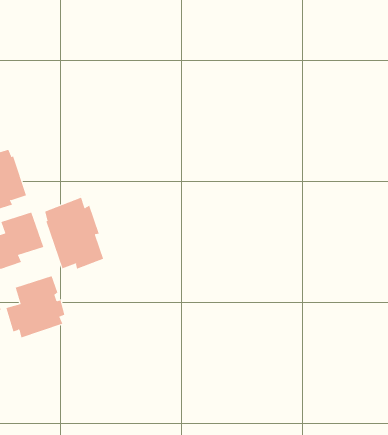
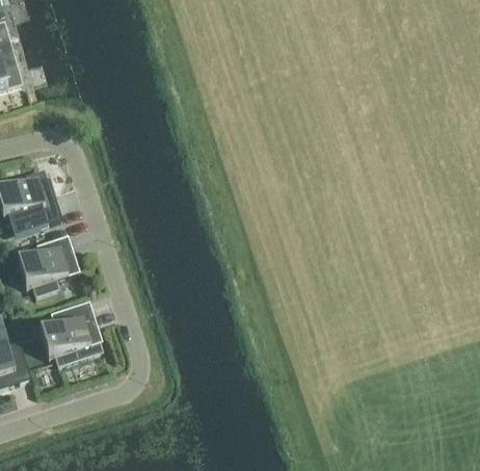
building: [44,194,104,269] -> none

